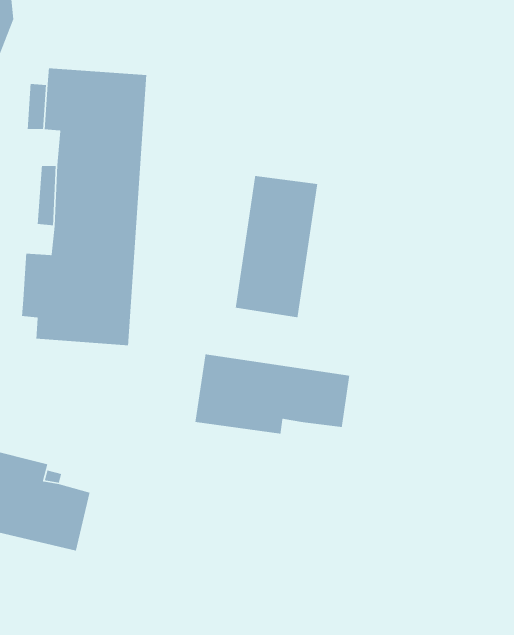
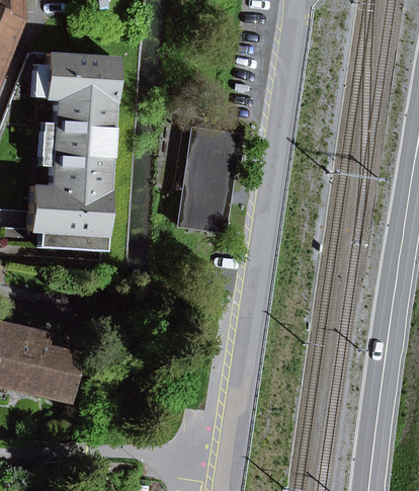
building: [195,353,350,435] -> none

